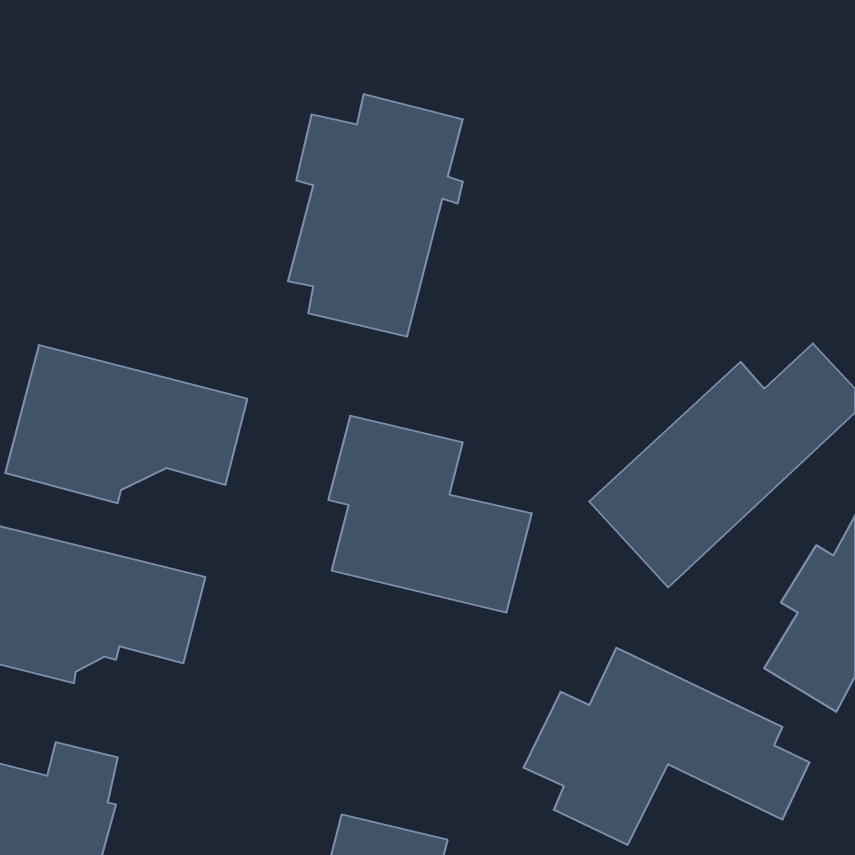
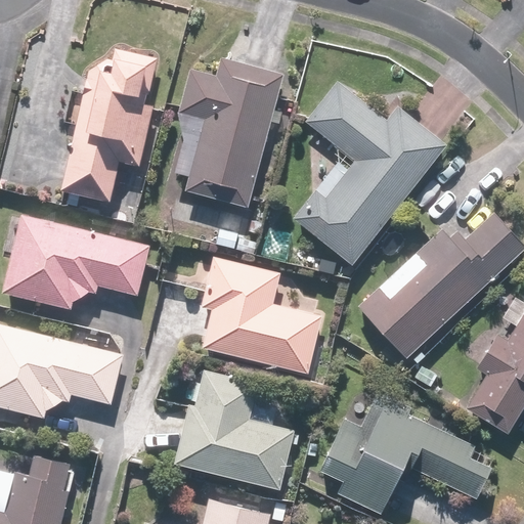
building: none -> [62,51,157,202]
building: none -> [295,80,445,266]
building: none -> [174,368,297,489]

